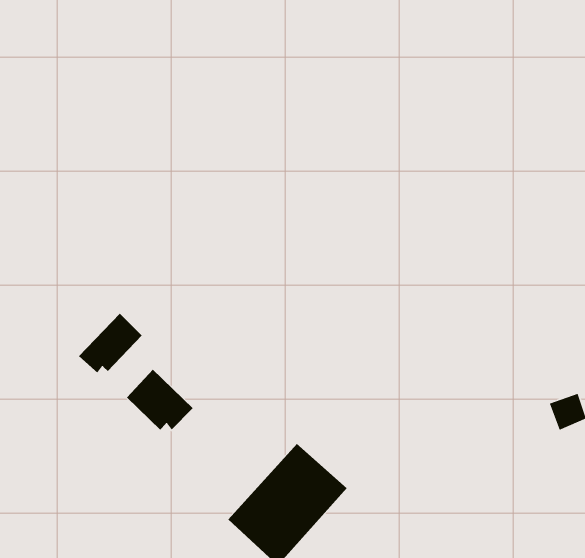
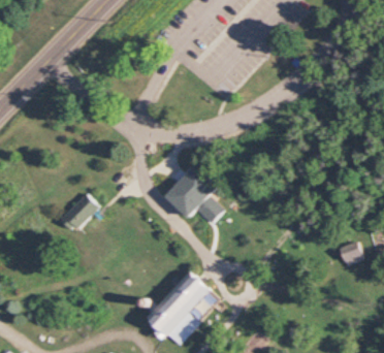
building: none -> [165,163,223,224]
building: [126,369,194,430] -> none

